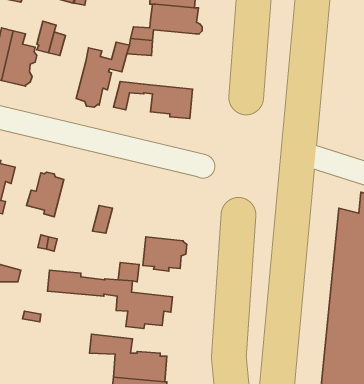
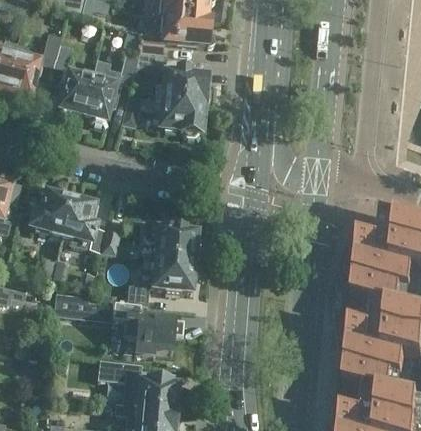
building: none -> [153,66,209,103]
building: none -> [58,70,92,114]
building: none -> [59,197,95,247]
building: none -> [142,220,199,262]

